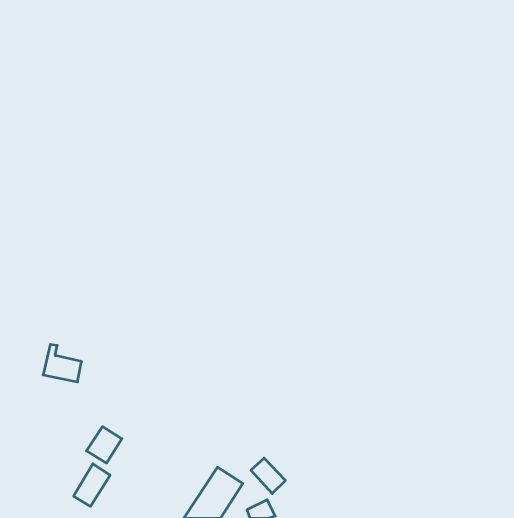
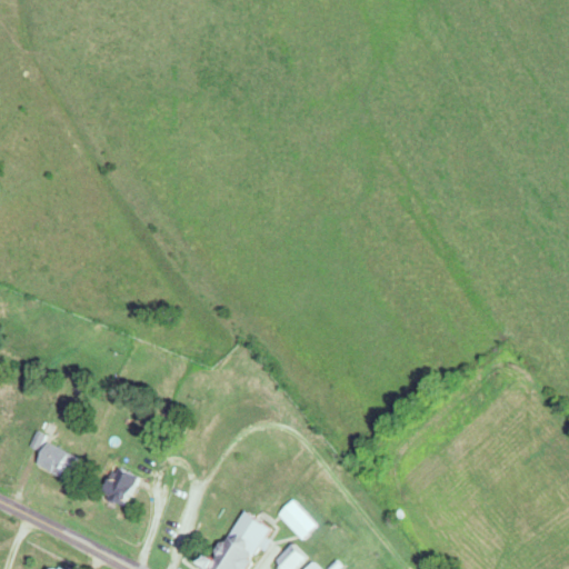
building: [43,344,82,382] -> [31,433,73,475]
building: [74,464,110,506] -> none

